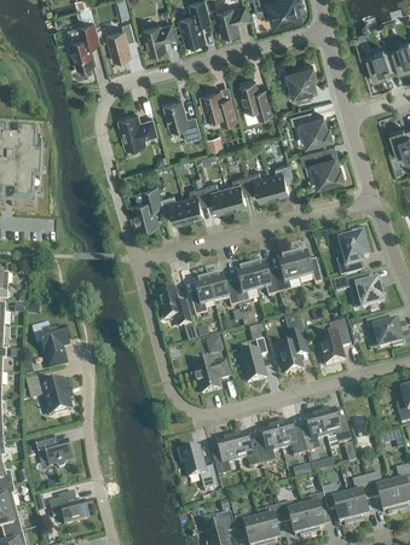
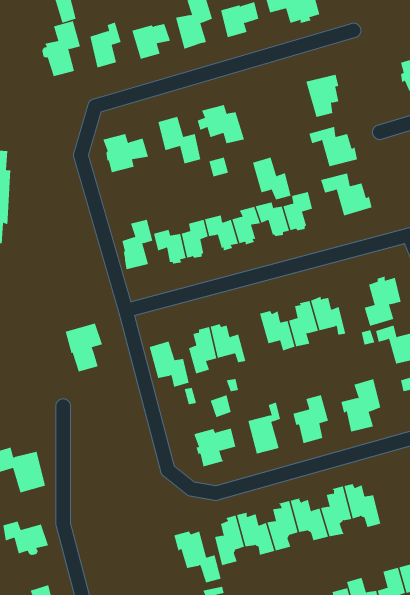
building: [238,80,271,116] -> [252,157,291,200]
building: [231,265,255,305] -> none
building: [37,326,69,367] -> [65,323,103,372]

